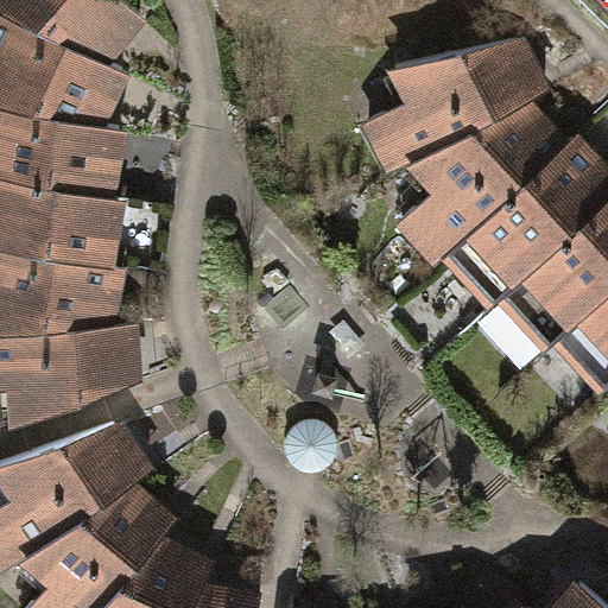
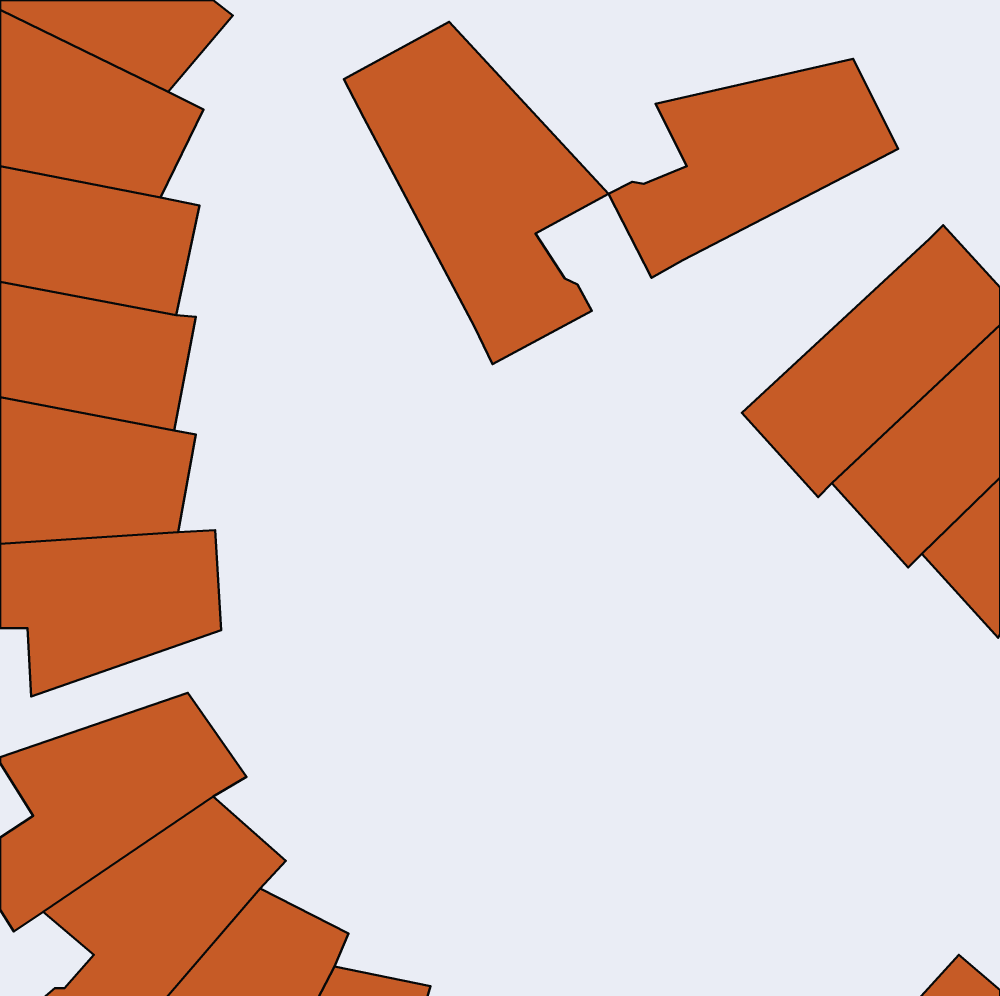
building: none -> [344,22,609,364]
building: [403,103,564,261] -> none

